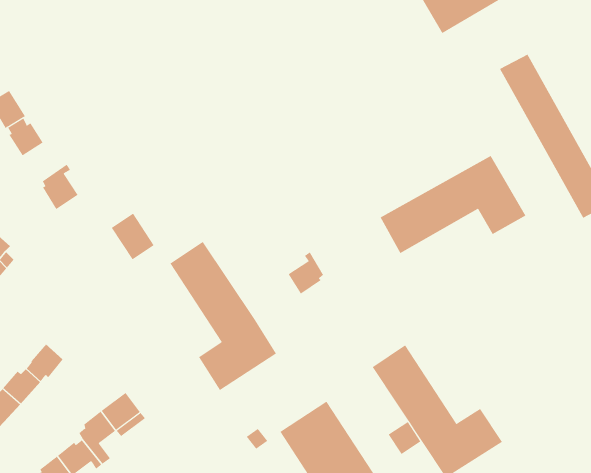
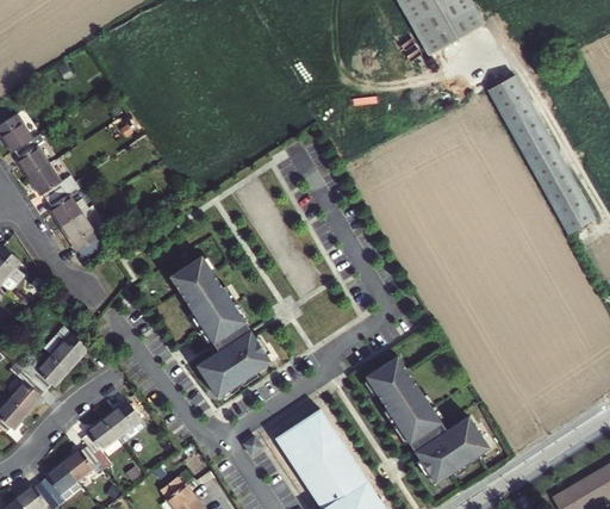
building: none -> [30,162,73,199]
building: [380,155,526,254] -> none
building: [111,213,155,260] -> [62,212,104,257]
building: [288,252,324,295] -> none
building: none -> [45,331,89,370]
building: [388,421,421,455] -> none

